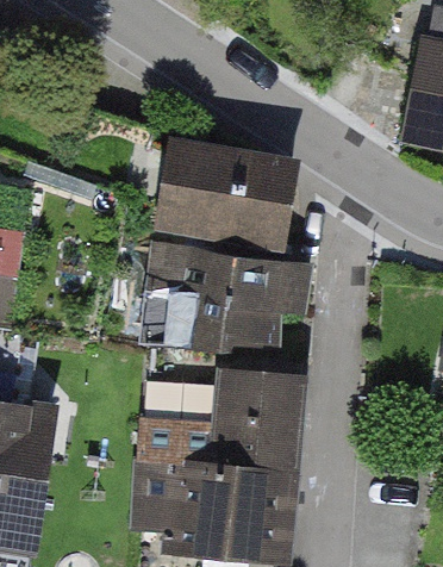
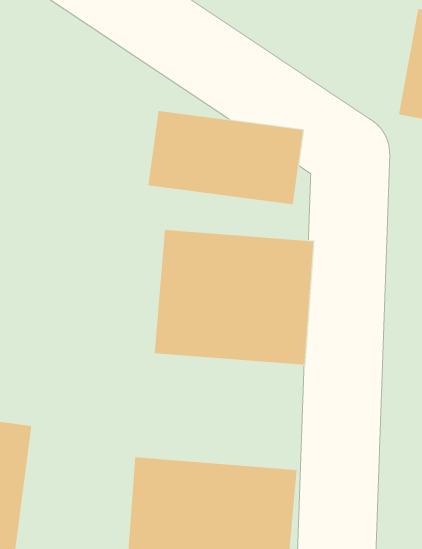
building: [145,362,302,471] -> none

